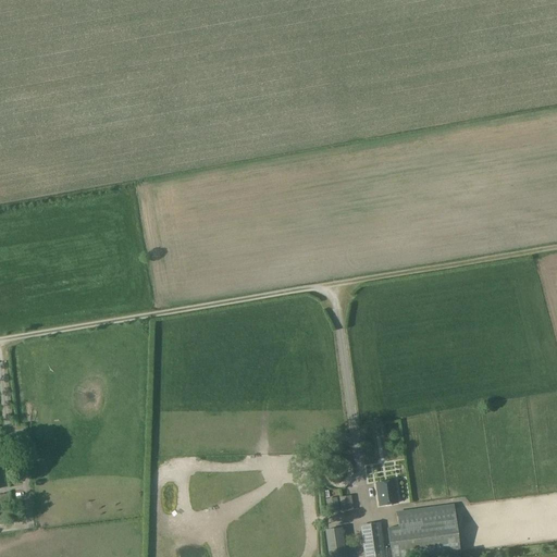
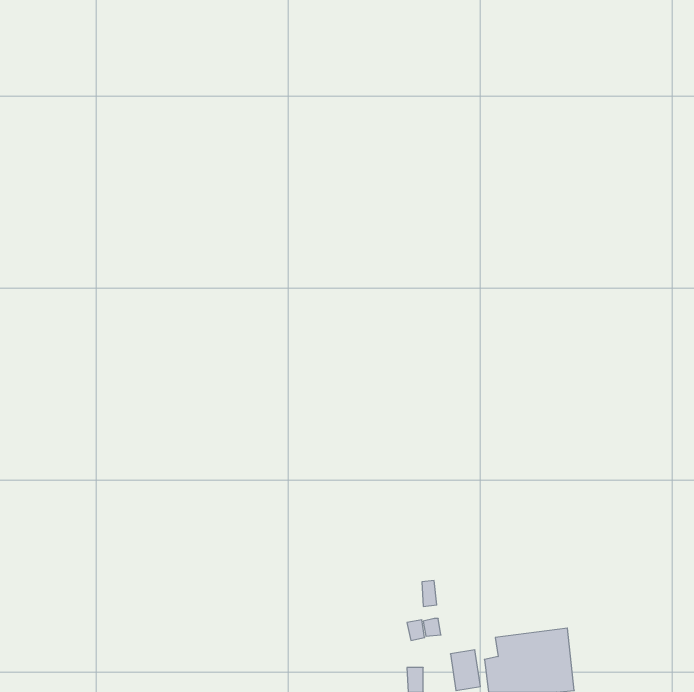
building: [376,479,399,504] -> none

